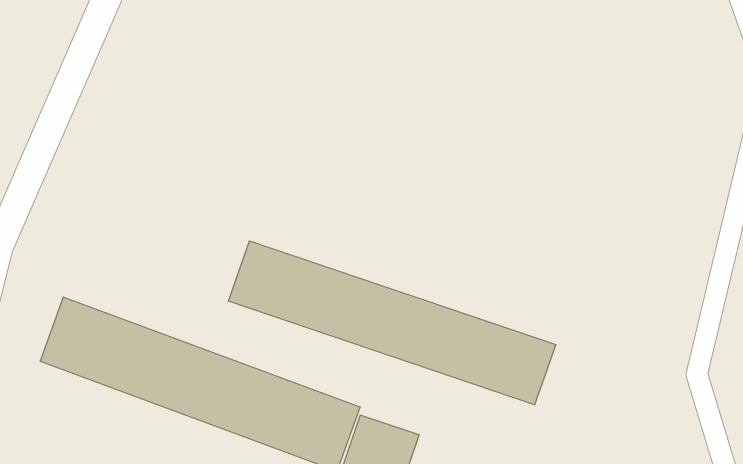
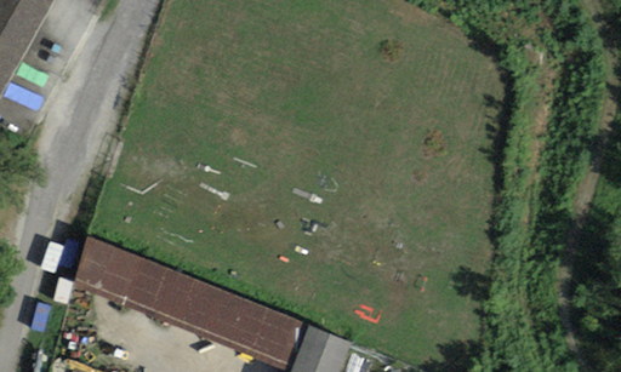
building: [228,241,556,405] -> none

